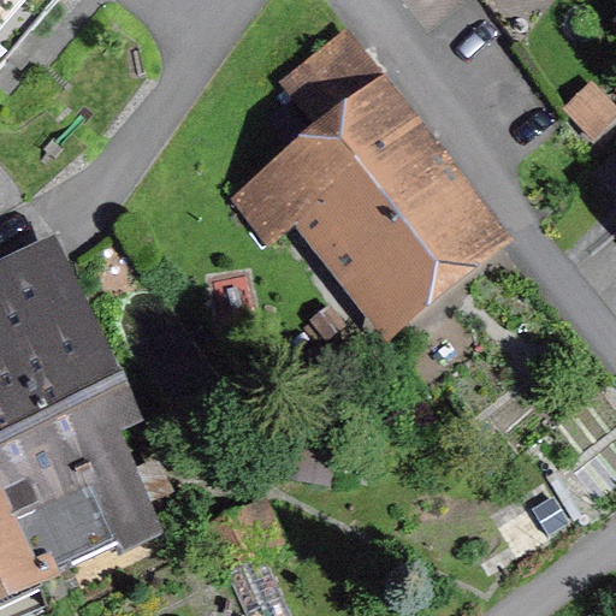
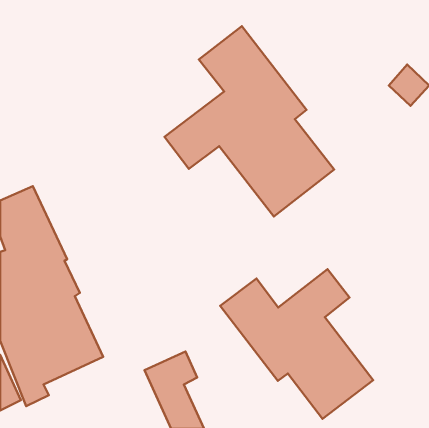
building: none -> [220,269,373,419]

